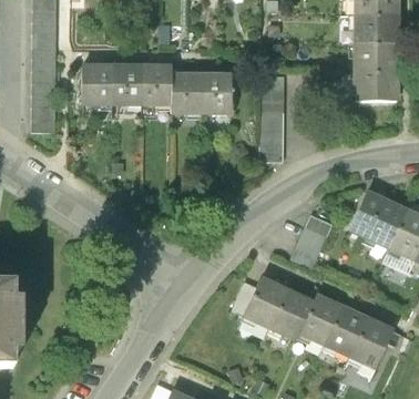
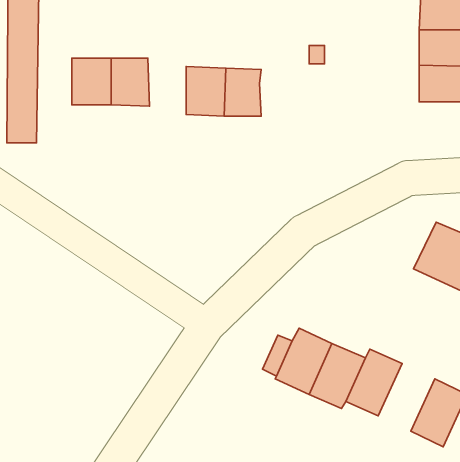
building: [142,65,172,103] -> none
building: [260,75,285,162] -> none
building: [289,213,333,268] -> none
building: [323,305,367,358] -> none

